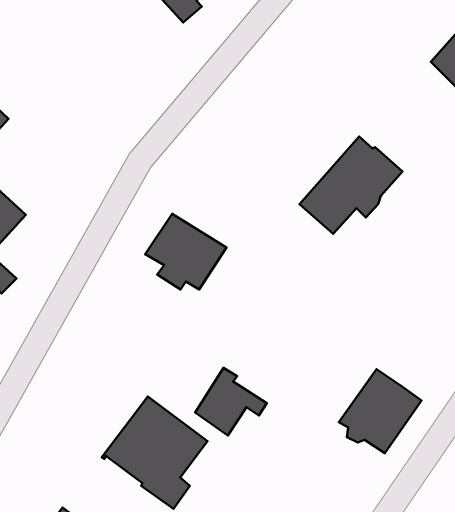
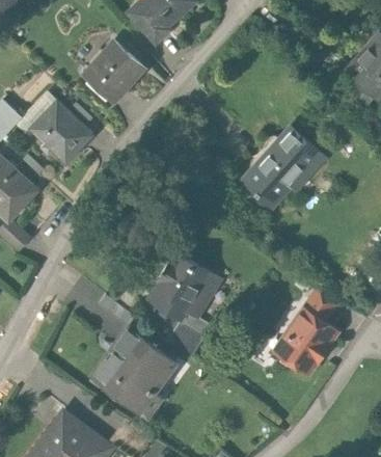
building: none -> [83,41,142,102]
building: none -> [29,101,92,163]
building: [145,214,226,290] -> [156,256,218,314]
building: none -> [304,287,339,322]

